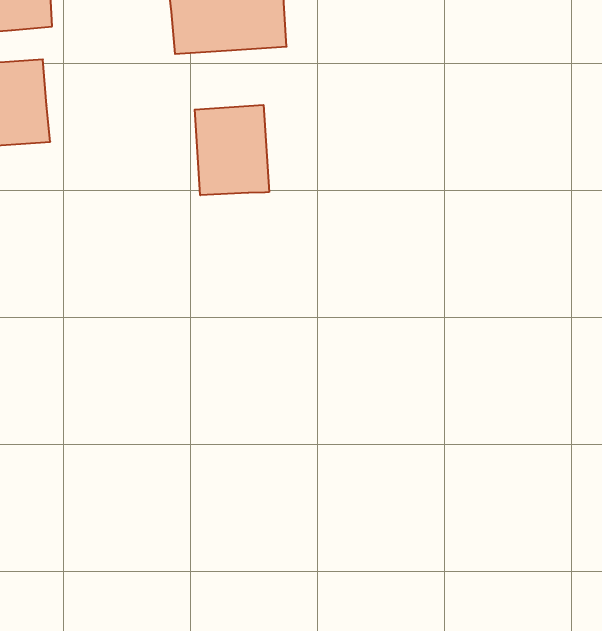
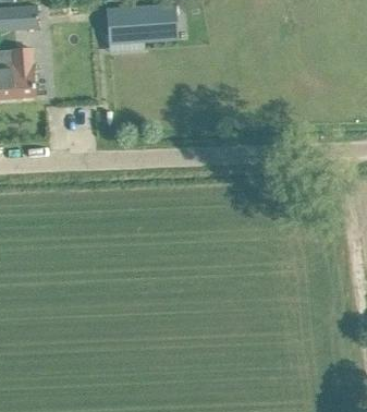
building: [195,105,269,195] -> none

